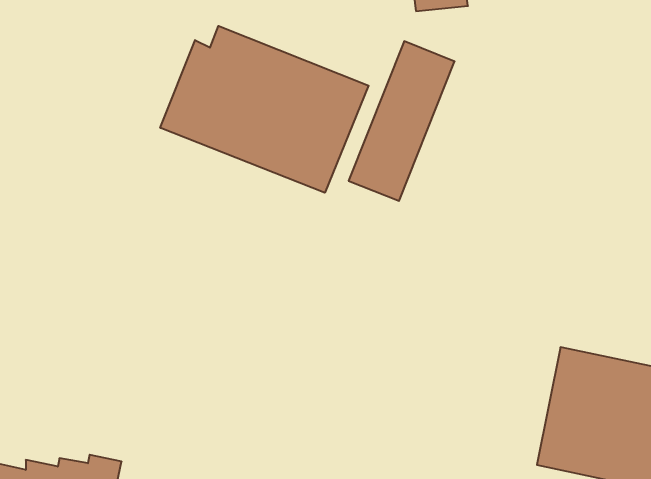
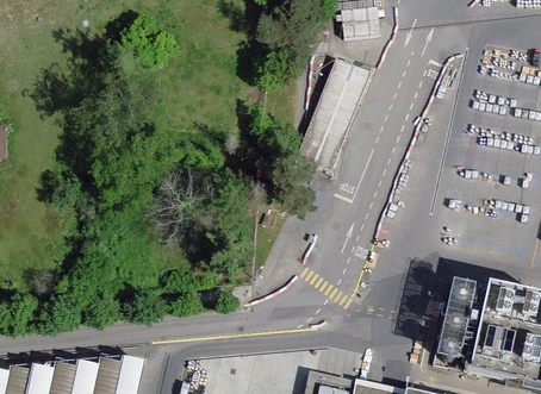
building: [160,26,369,193] -> none

